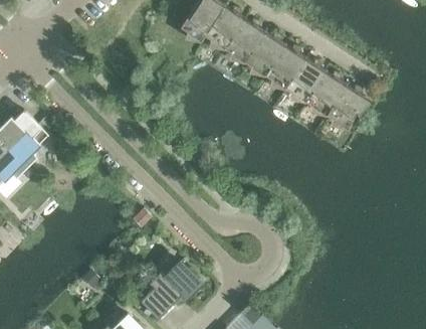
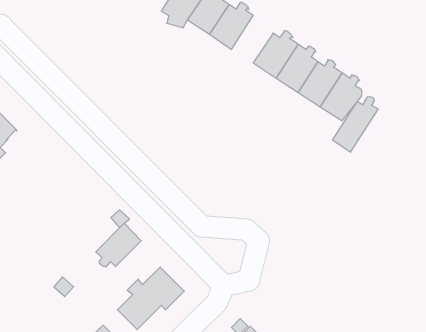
building: [244,31,282,74] -> none
building: none -> [332,97,378,152]
building: none -> [96,223,141,267]

